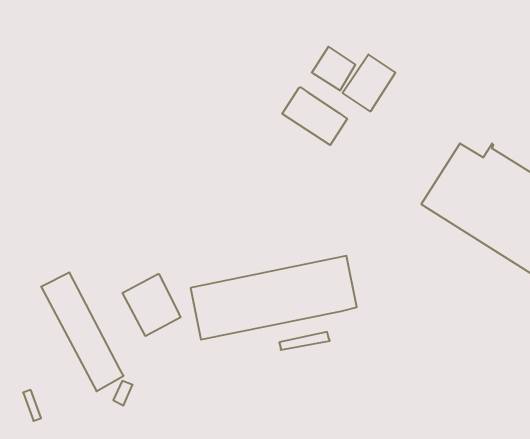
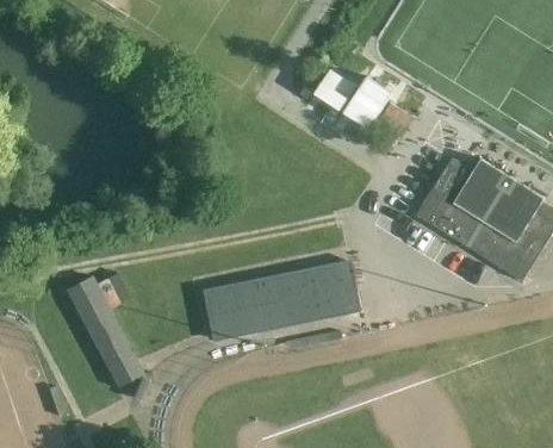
building: [282,87,347,145] -> none
building: [123,274,181,336] -> none

